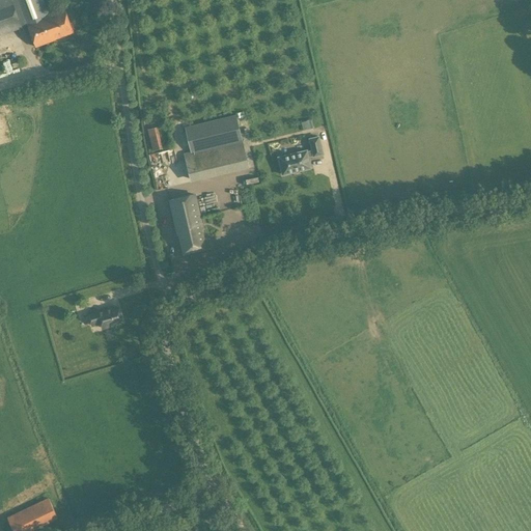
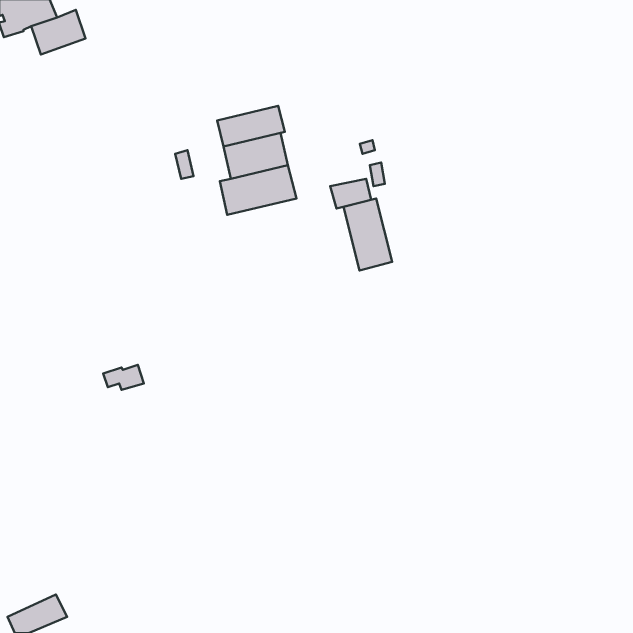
building: none -> [217,106,285,146]
building: none -> [343,199,392,270]
building: [168,193,204,252] -> none

